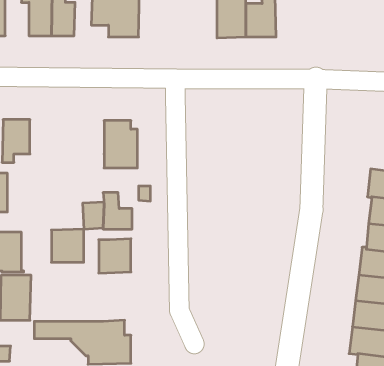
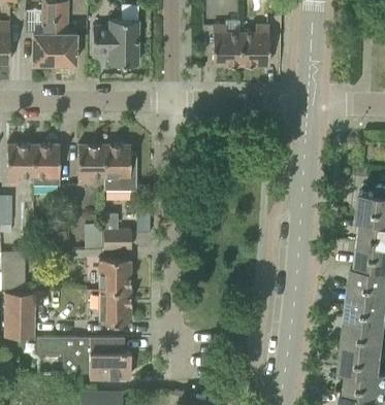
building: none -> [33,144,59,187]
building: none -> [77,145,104,185]
building: [51,229,84,262] -> [99,291,130,323]

